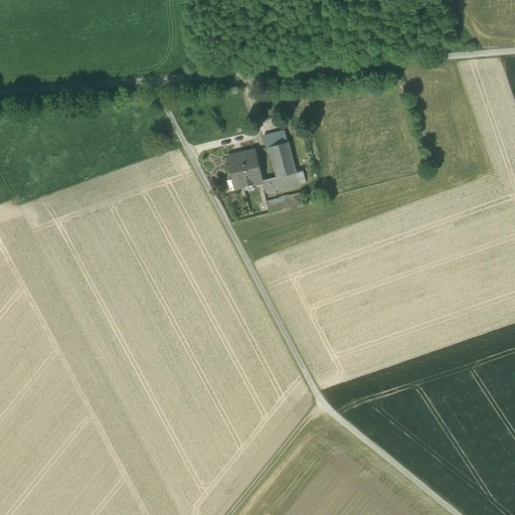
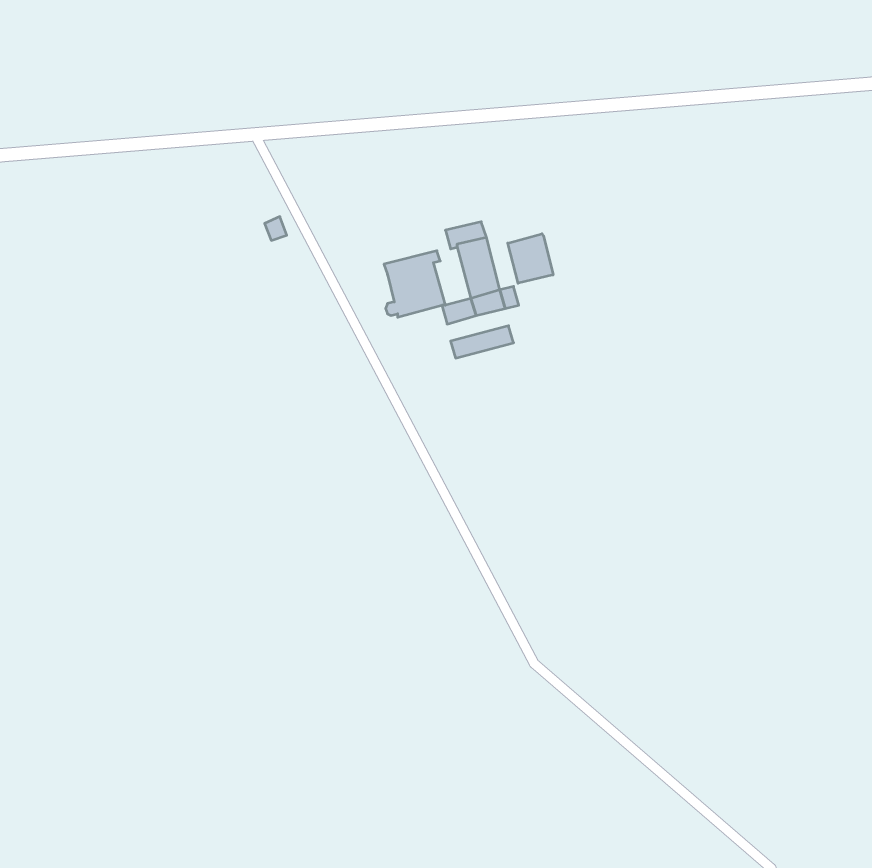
building: none -> [508,234,553,283]

